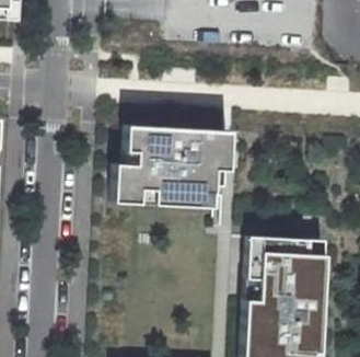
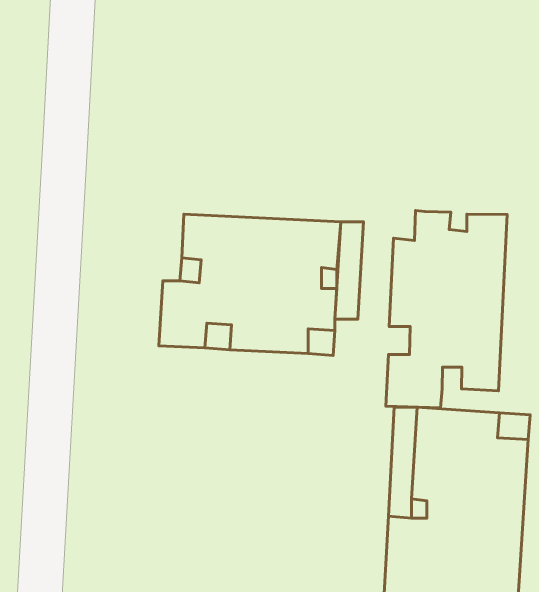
building: none -> [386,210,507,408]

